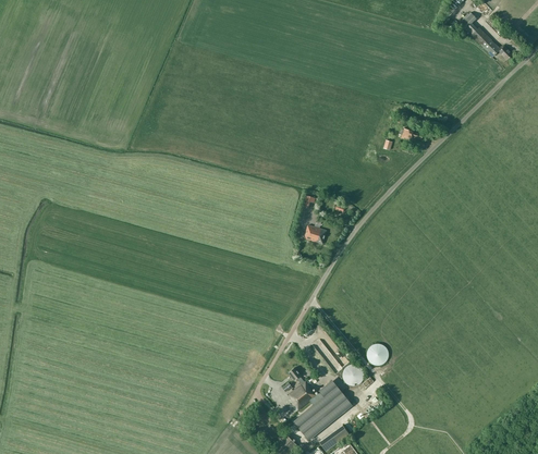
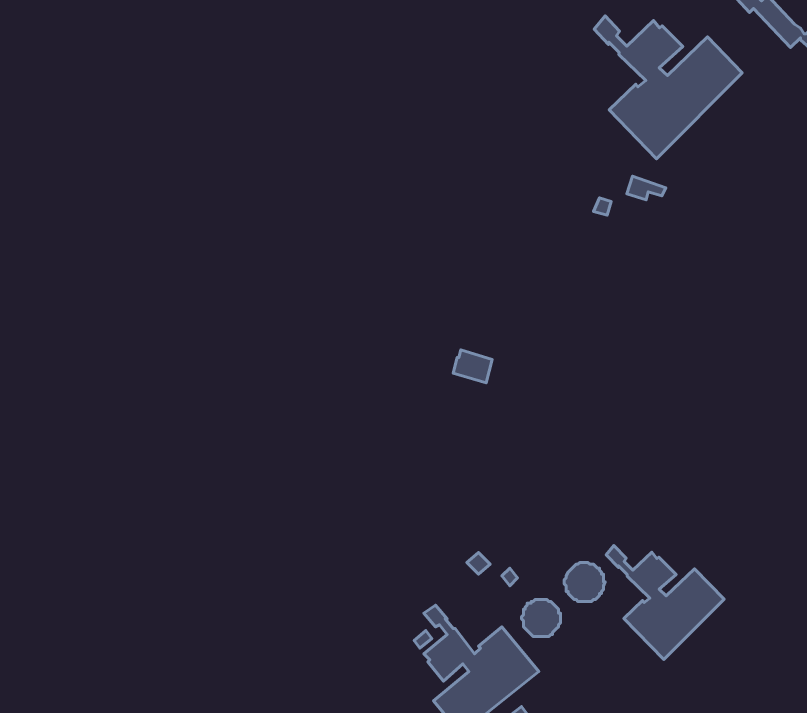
building: none -> [594,16,742,159]
building: none -> [606,545,724,660]

